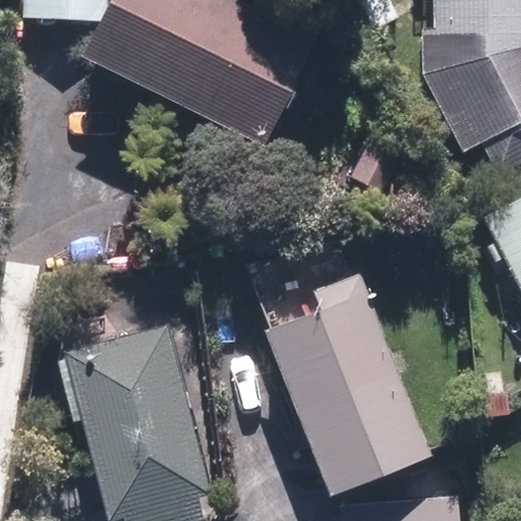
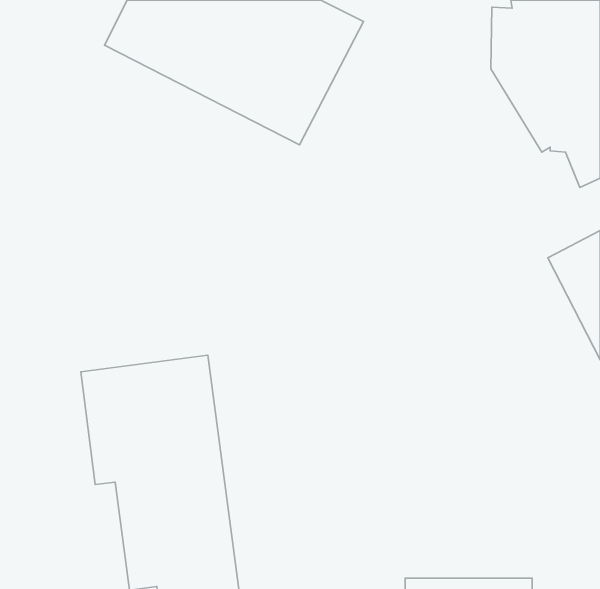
building: [264,275,428,488] -> none

